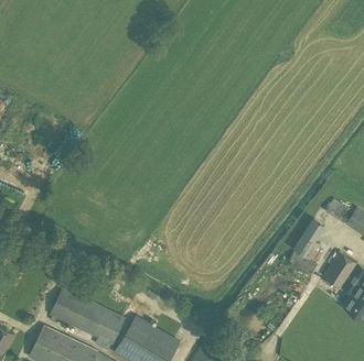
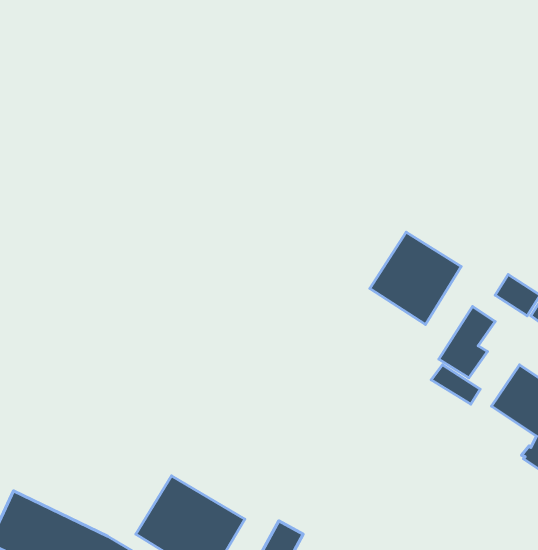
building: none -> [370,232,461,324]
building: [49,286,126,350] -> none

